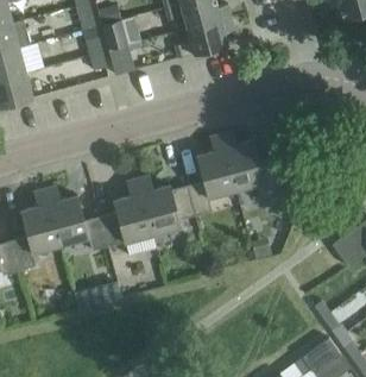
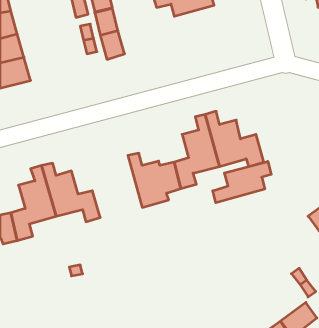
building: [176,18,234,58] -> none
building: [100,180,153,246] -> none
building: none -> [213,161,271,203]

